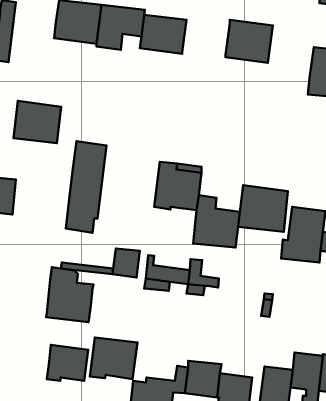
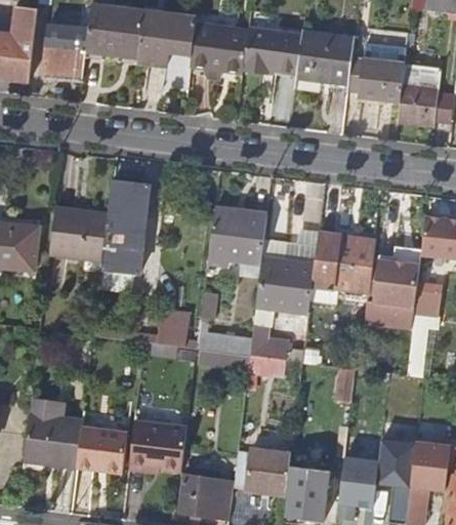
building: none -> [243,27,301,73]
building: none -> [43,28,87,77]
building: none -> [359,57,405,102]
building: [14,101,61,143] -> [49,209,108,261]
building: [46,267,93,322] -> [24,404,82,472]

